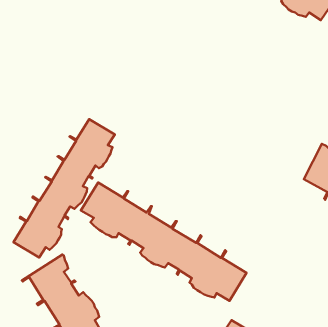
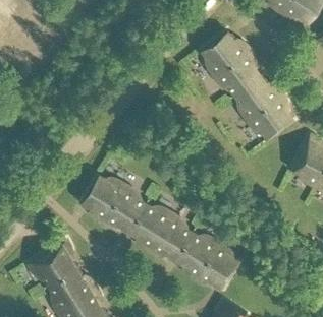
building: none -> [201,34,291,140]
building: [13,119,115,258] -> none

